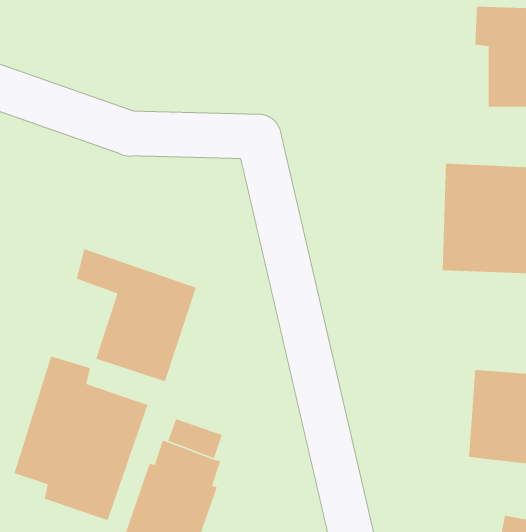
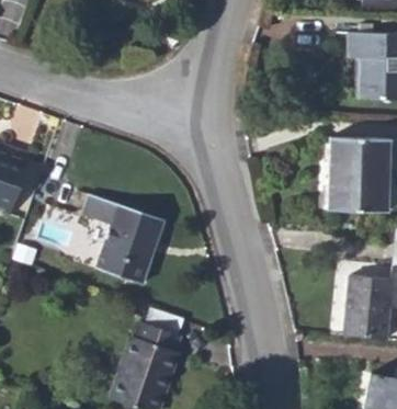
building: [14,356,148,521] -> none

